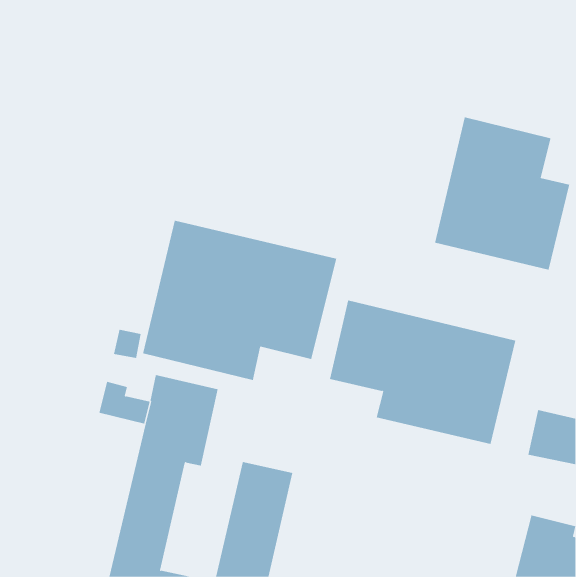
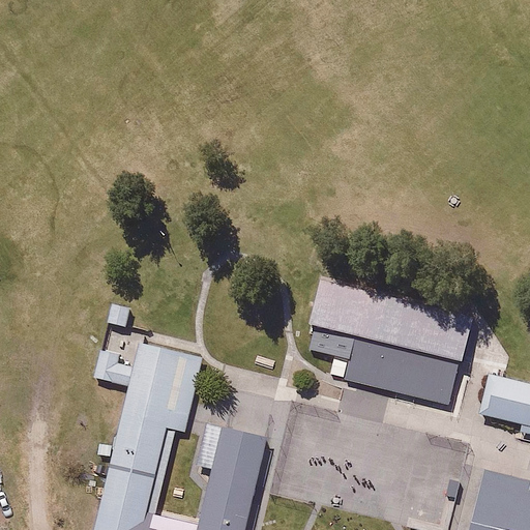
building: [435,116,570,271] -> none
building: [142,220,337,381] -> none

